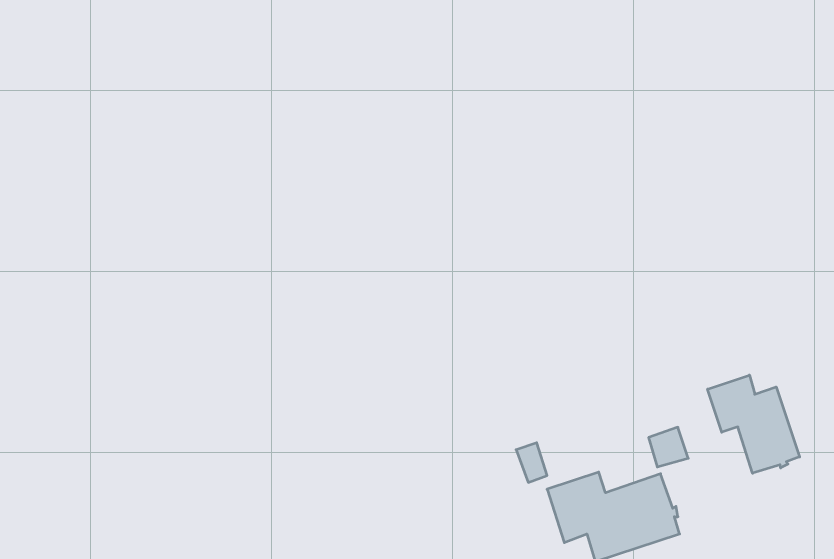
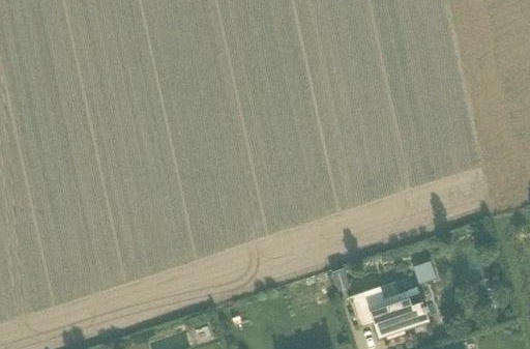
building: [708,375,800,473] -> none

